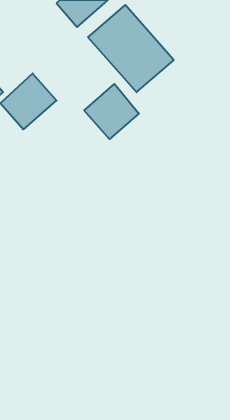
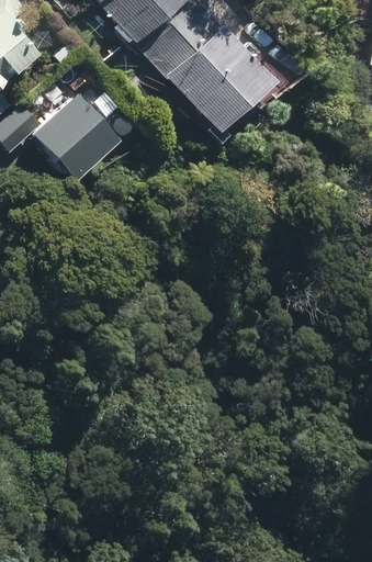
building: [84,84,139,139] -> none

